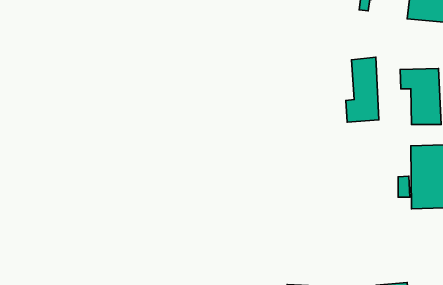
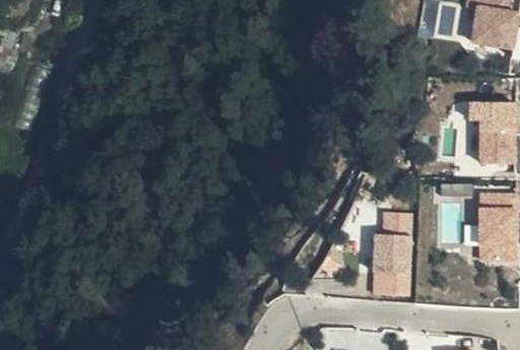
building: [346,57,379,122] -> none
building: none -> [374,210,414,294]

